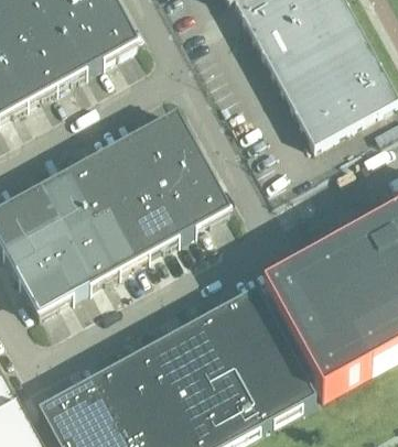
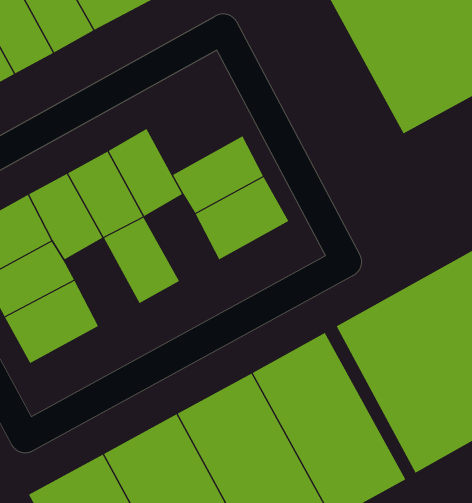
building: [123,110,194,172] -> none
building: [121,186,176,250] -> none
building: [63,218,118,283] -> none

